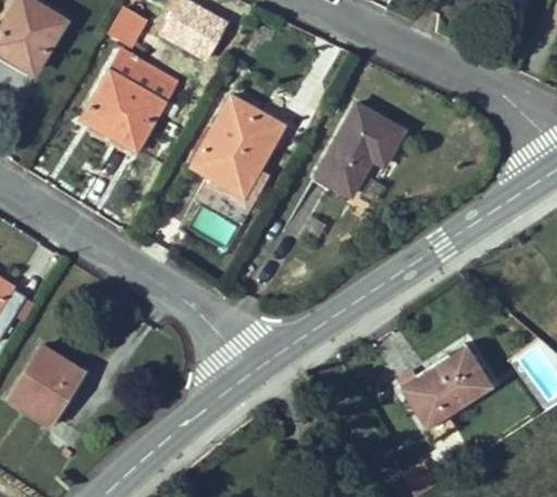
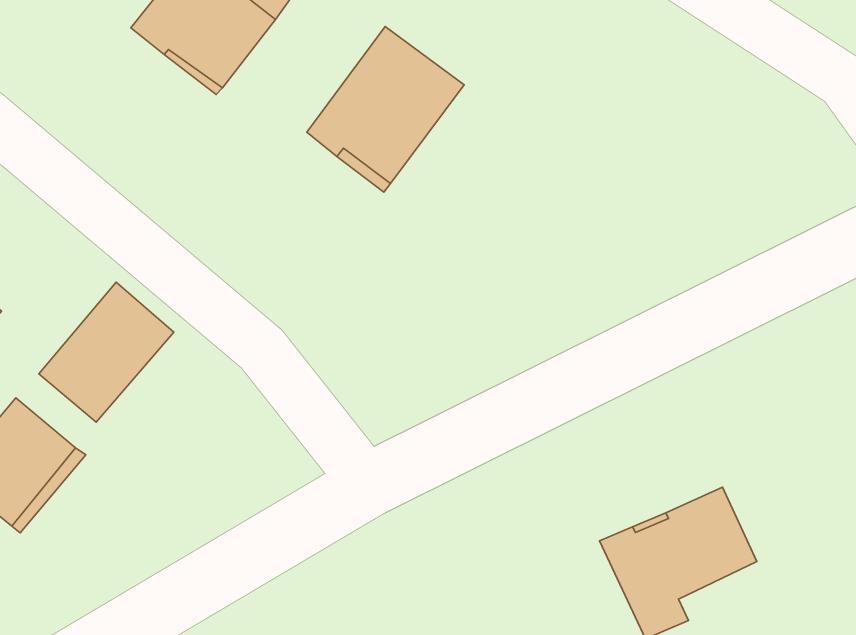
building: [315,105,403,197] -> none
building: none -> [39,282,174,422]

